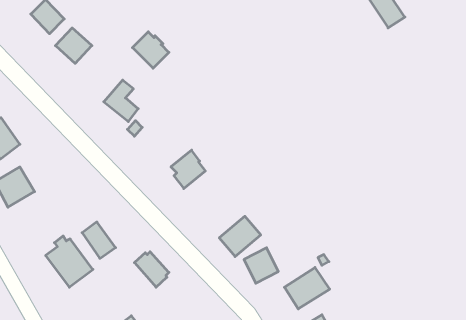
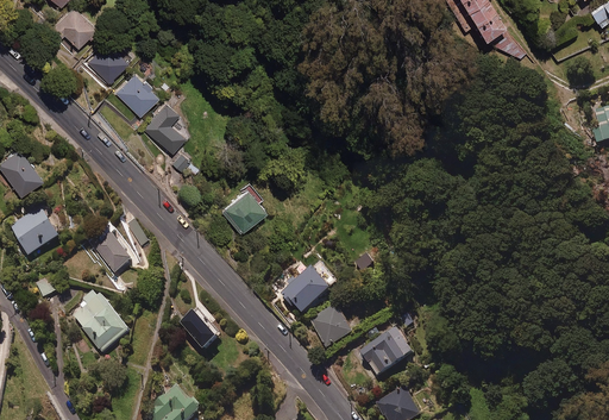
building: [132,32,169,68] -> [114,71,158,115]
building: [82,222,116,258] -> [93,228,133,272]

